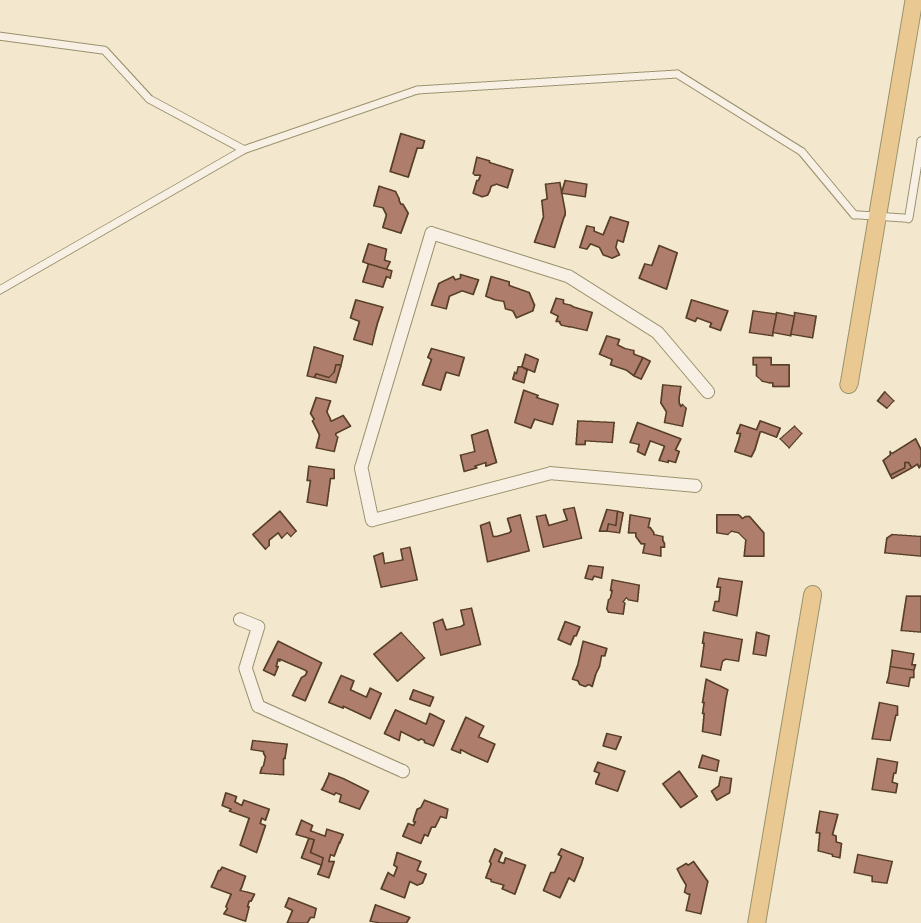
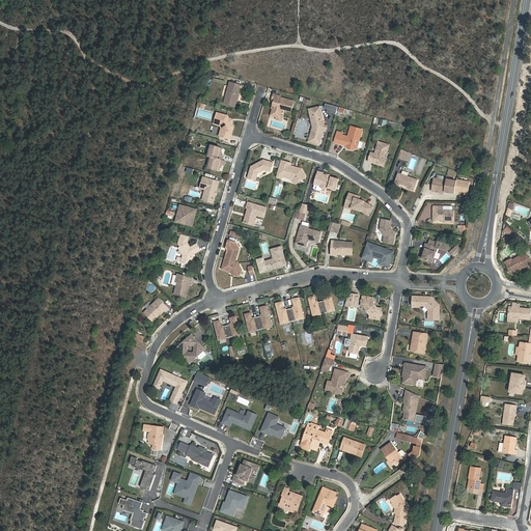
building: none -> [222,240,241,274]
building: [434,608,481,655] -> [245,304,272,331]
building: [374,632,424,681] -> [175,333,204,361]
building: none -> [300,426,332,450]

